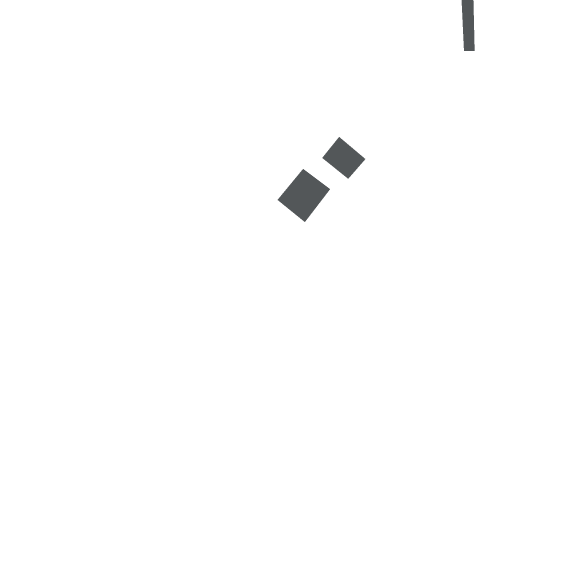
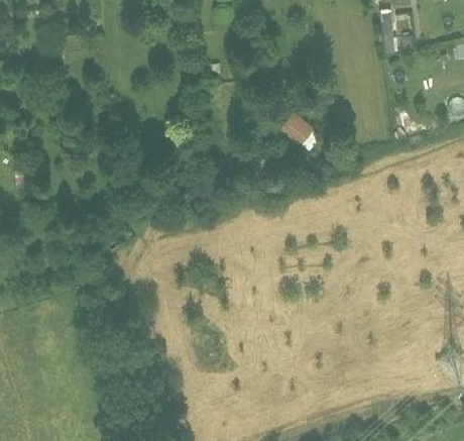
building: [277,168,331,223] -> none

